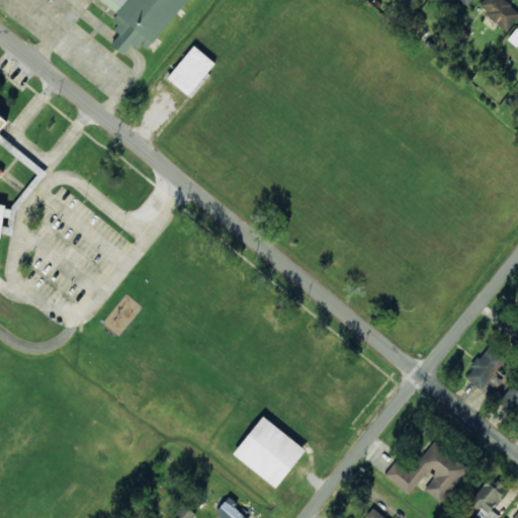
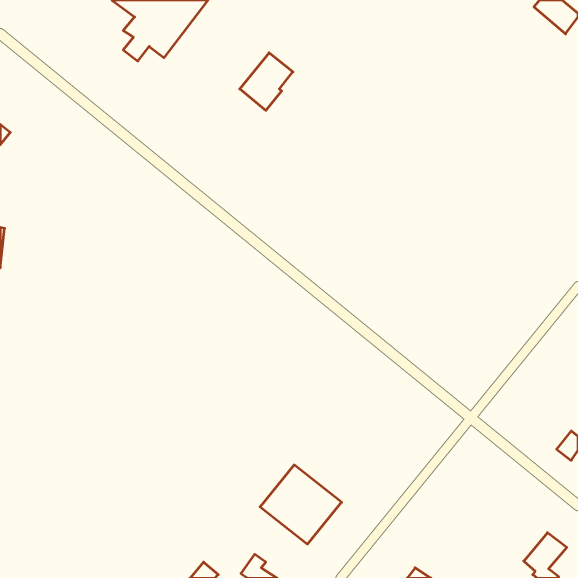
building: [167,46,214,97] -> [240,53,293,110]
building: [463,346,505,397] -> none
building: [383,441,468,503] -> none

